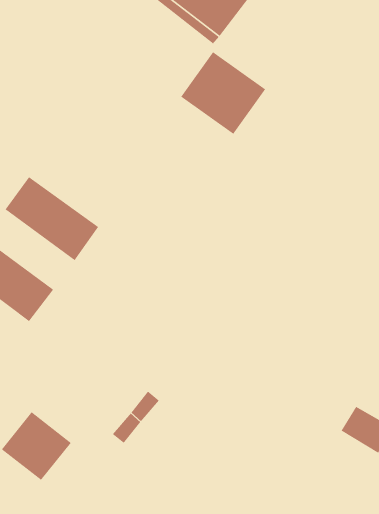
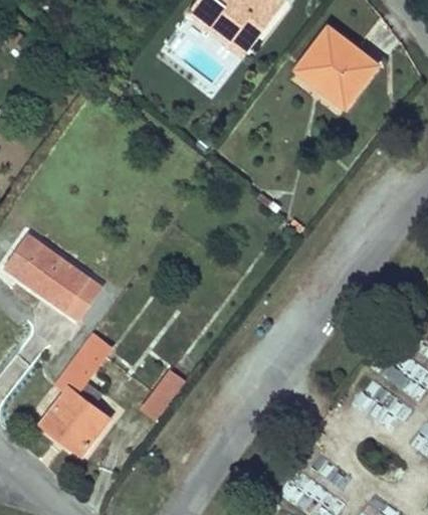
building: [180,51,266,135] -> [293,25,373,103]
building: [4,176,99,261] -> none
building: none -> [69,343,110,386]

